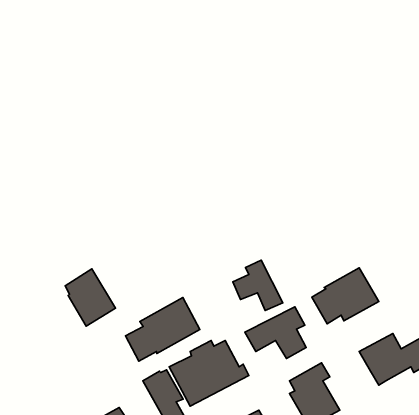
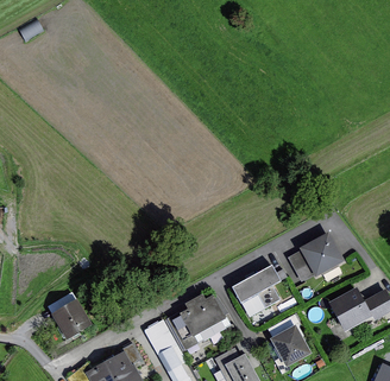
building: [233,260,283,311] -> none
building: [65,269,116,326] -> [48,292,90,341]
building: [125,298,200,361] -> none

